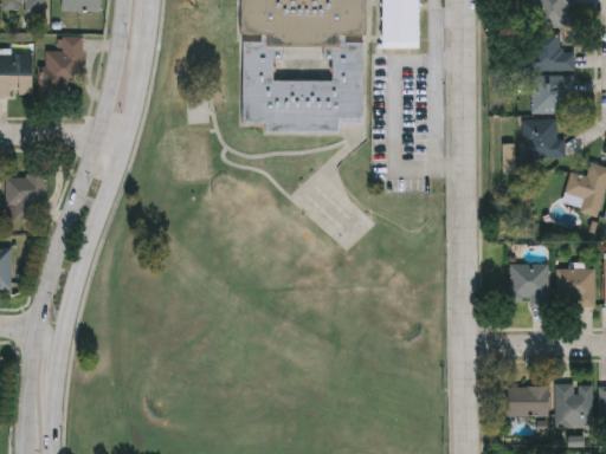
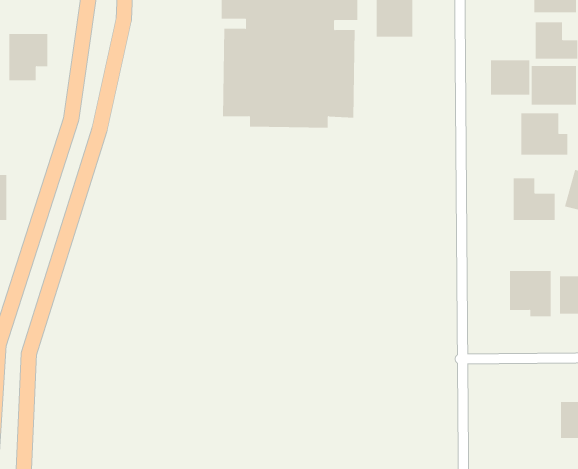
building: none -> [490,59,530,95]
building: none -> [513,177,555,221]
building: [507,387,548,417] -> none

